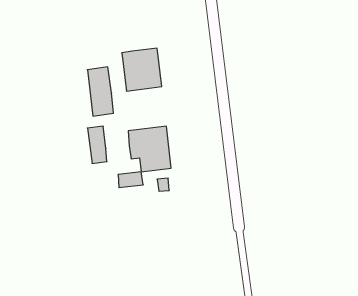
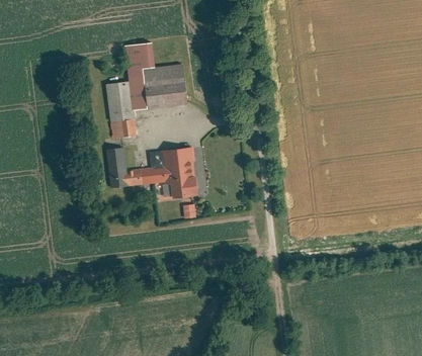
building: none -> [124,41,155,111]
building: [118,172,143,188] -> [126,169,154,186]

